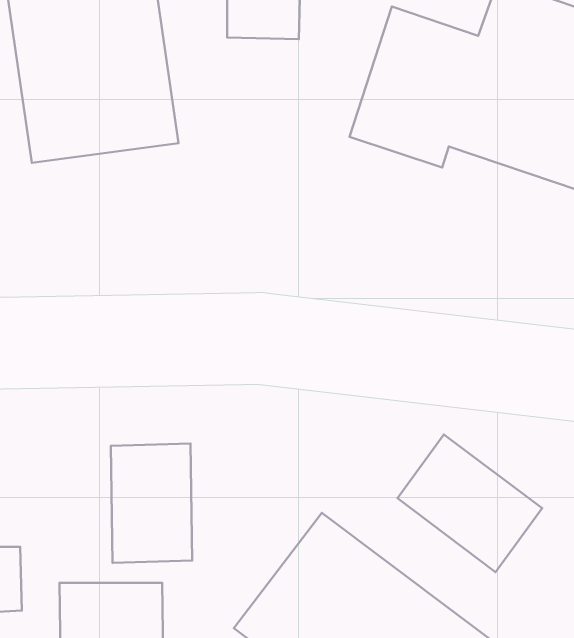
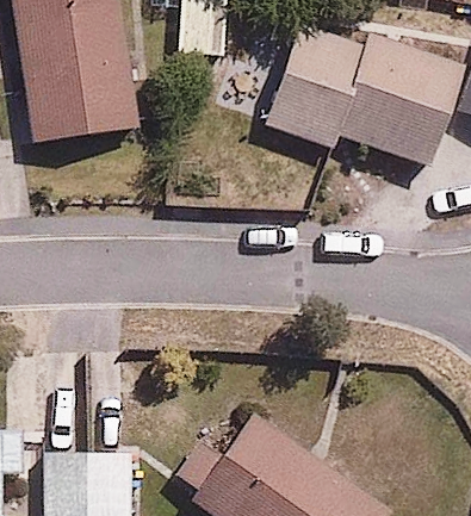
building: [397,434,542,572] -> none
building: [111,444,192,563] -> none

